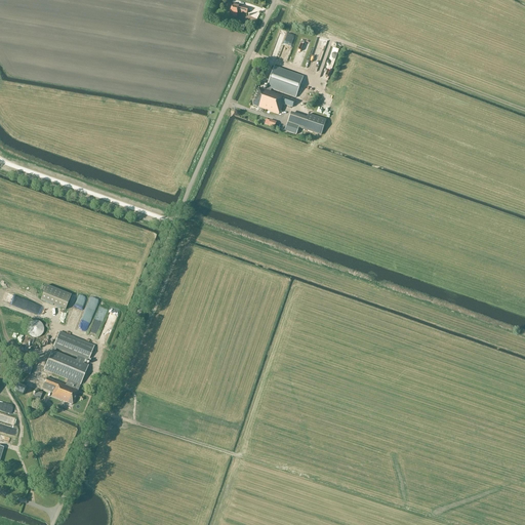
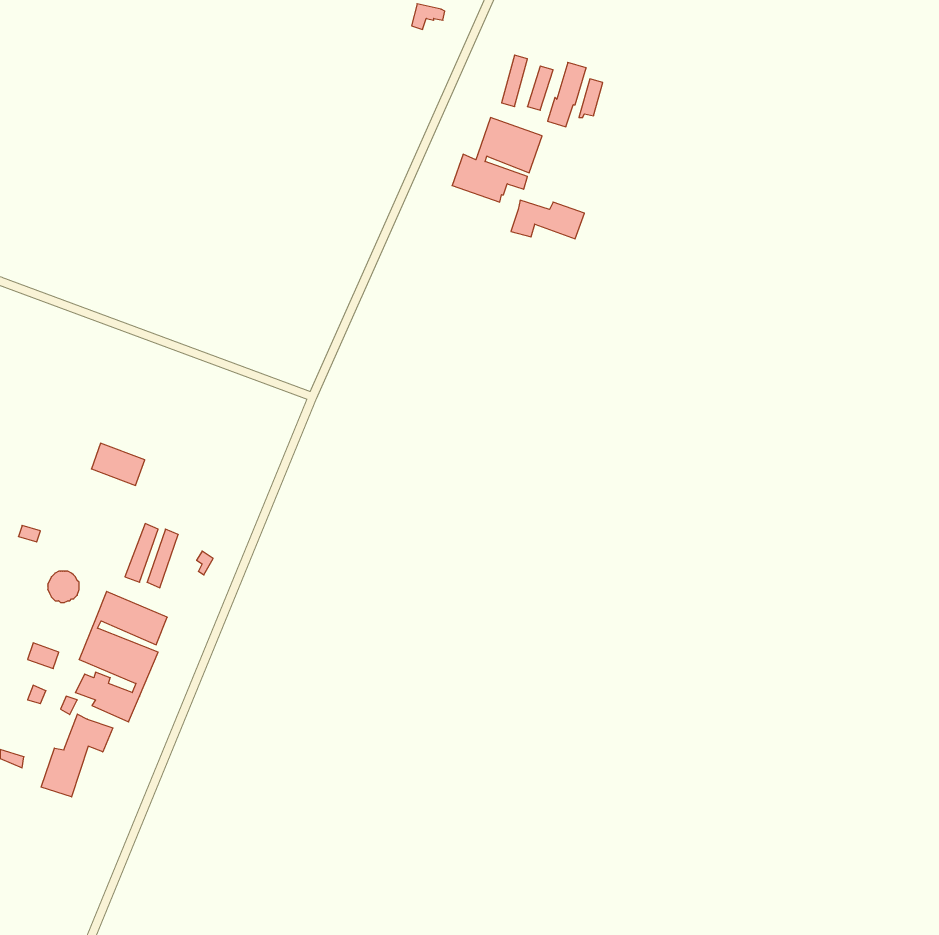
building: [41,284,71,308] -> [91,443,145,485]
building: none -> [41,714,113,797]

